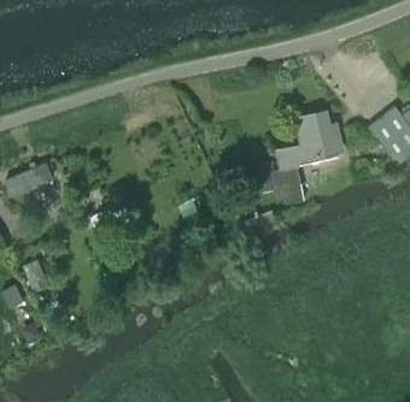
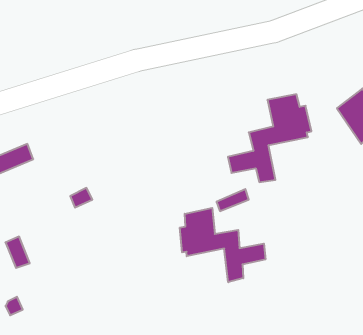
building: none -> [180,208,265,282]

